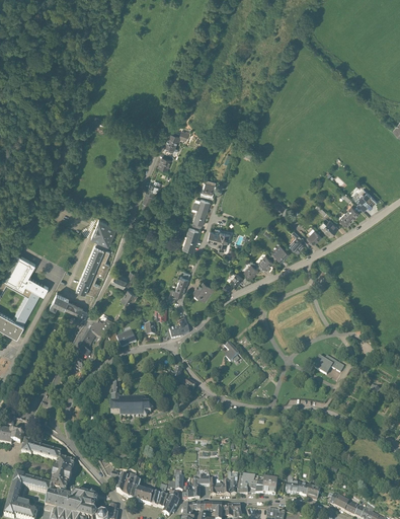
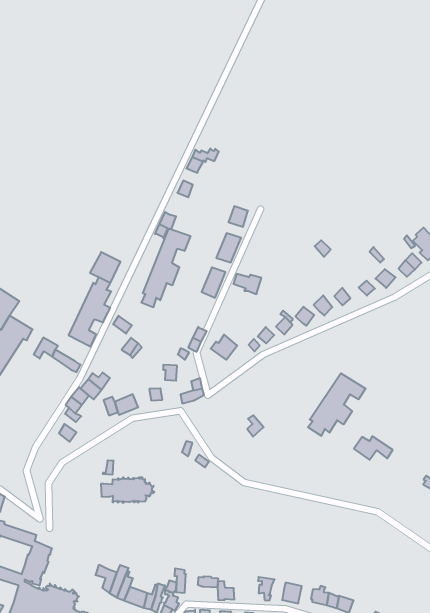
building: none -> [141,229,190,307]
building: none -> [308,373,366,436]

